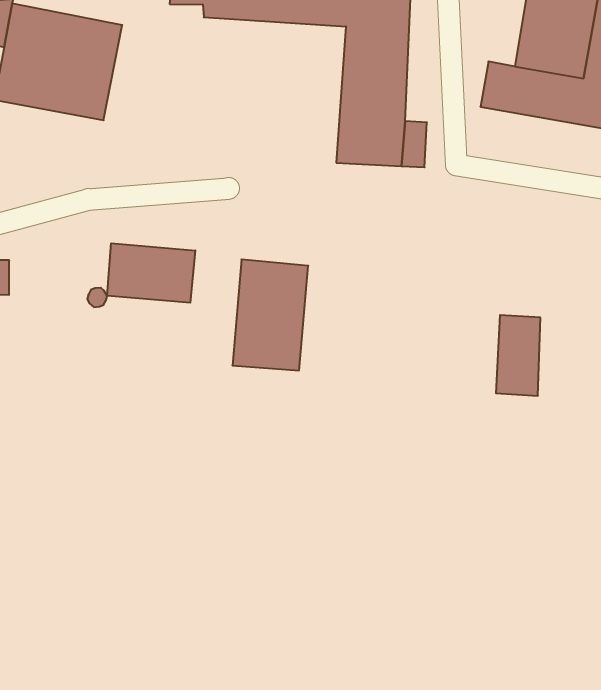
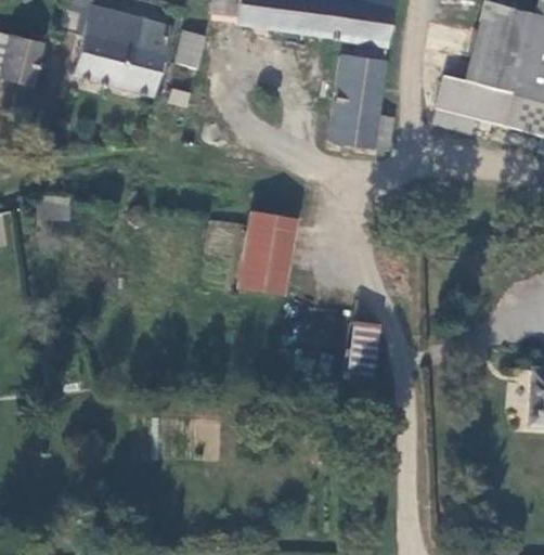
building: none -> [173,29,208,69]
building: [107,243,195,303] -> none
building: [496,315,540,396] -> [342,320,380,383]

